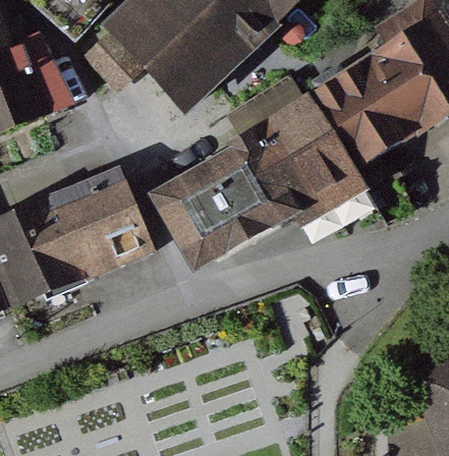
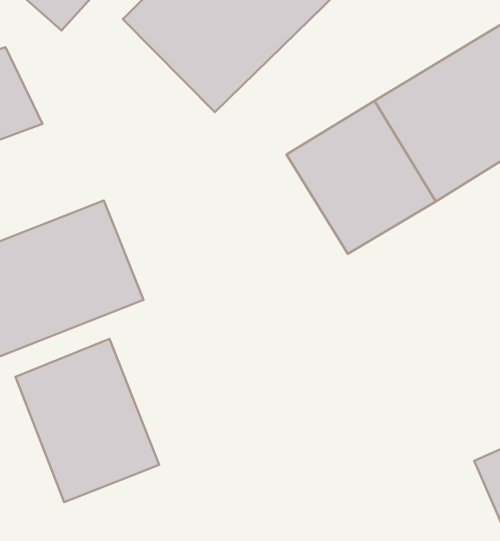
building: [151,137,294,275] -> none
building: none -> [16,339,159,502]

